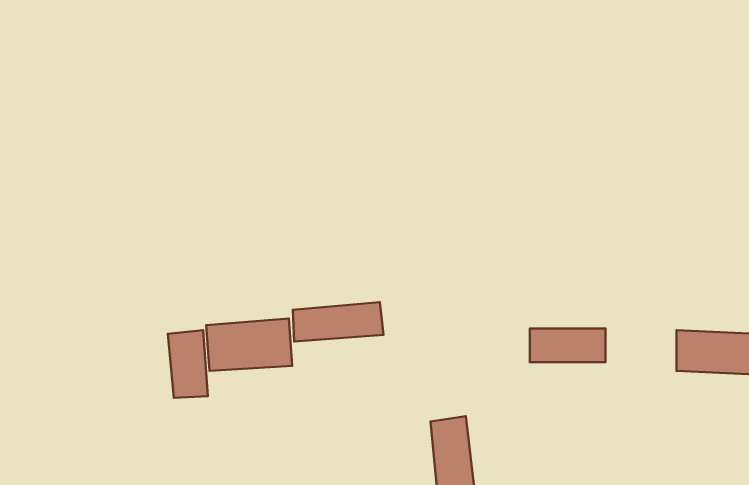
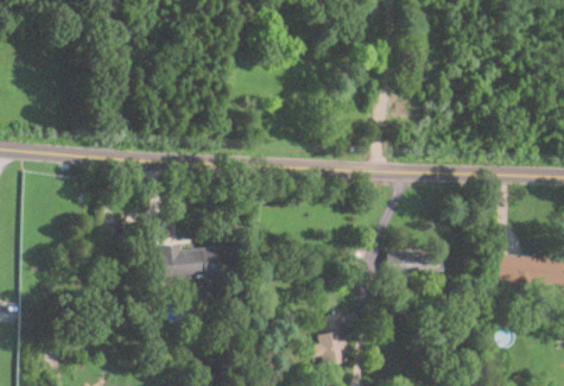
building: [293,302,383,341] -> none
building: [168,330,208,398] -> none

